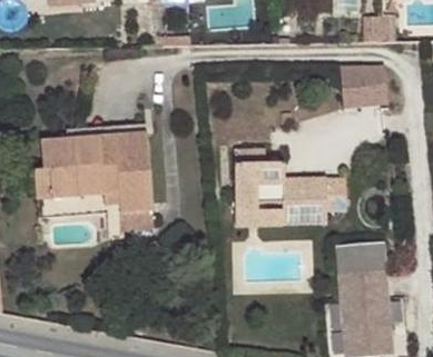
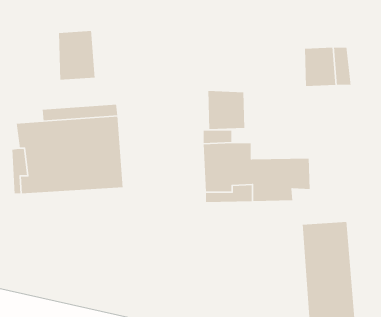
building: none -> [58,30,96,81]
building: none -> [208,90,245,130]

